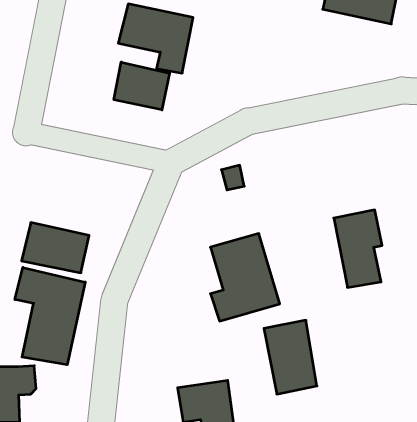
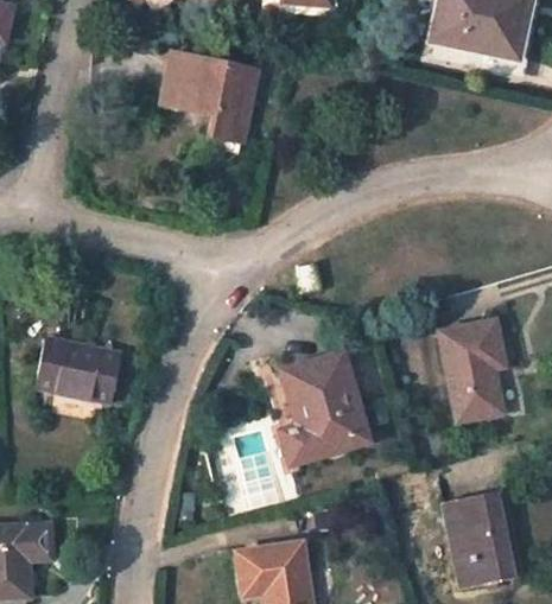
building: [114,62,170,110] -> none
building: [15,267,85,365] -> none
building: [264,320,317,394] -> [443,492,512,589]

